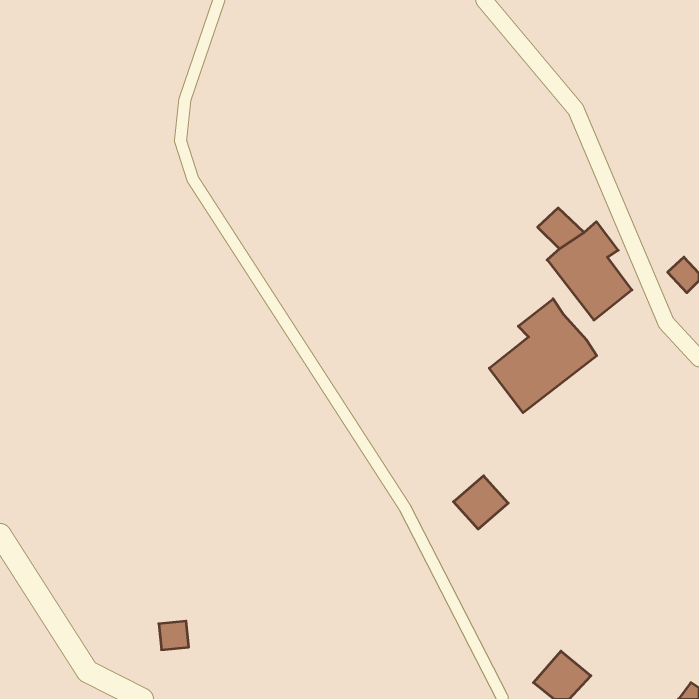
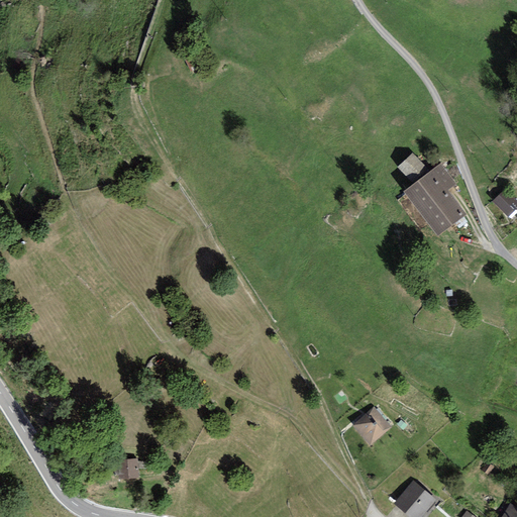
building: [489,299,597,413] -> none
building: [453,476,508,529] -> [351,407,392,446]

